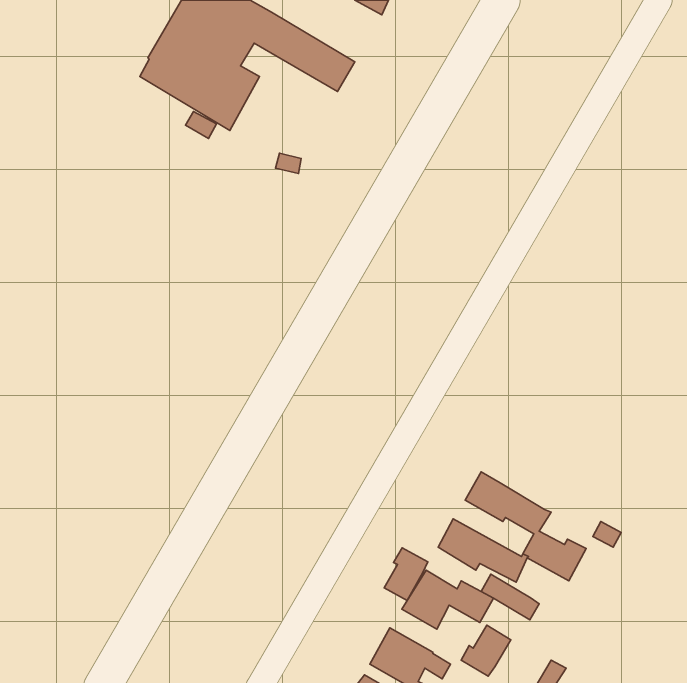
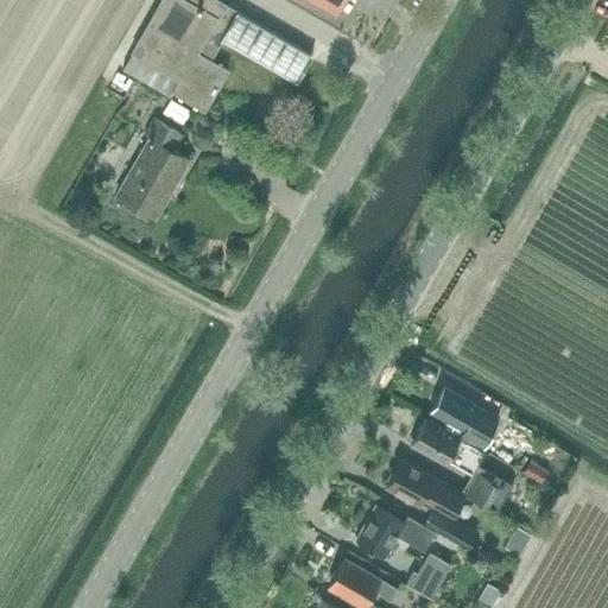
building: none -> [115,118,189,215]
building: none -> [429,387,499,454]
building: [384,548,428,601] -> none

